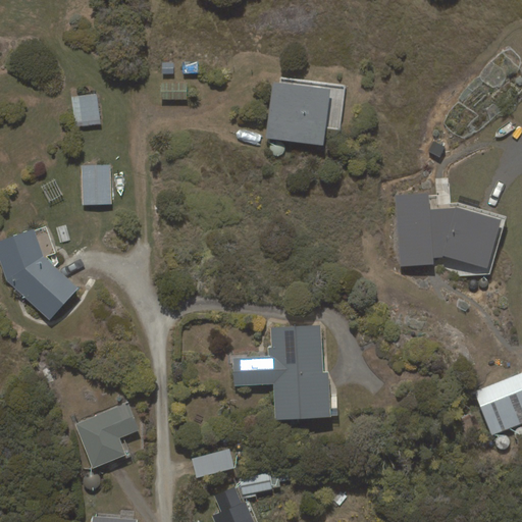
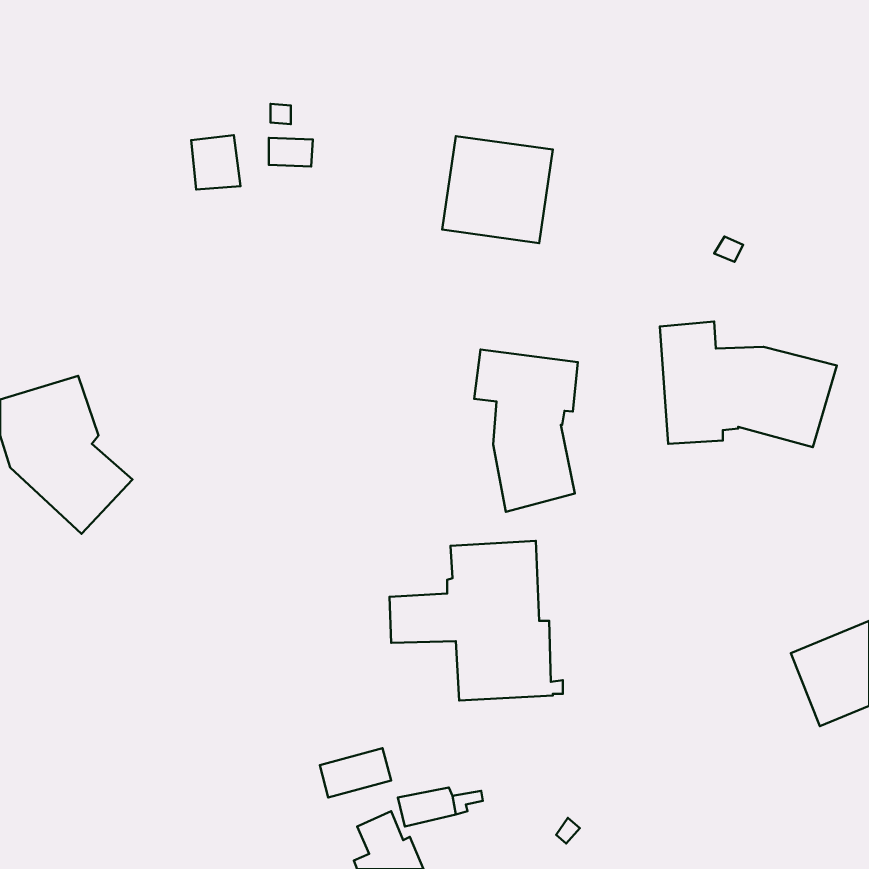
building: [71,94,101,126] -> [191,135,241,189]
building: [82,164,112,205] -> none
building: none -> [474,350,578,512]
building: [75,403,139,469] -> none

